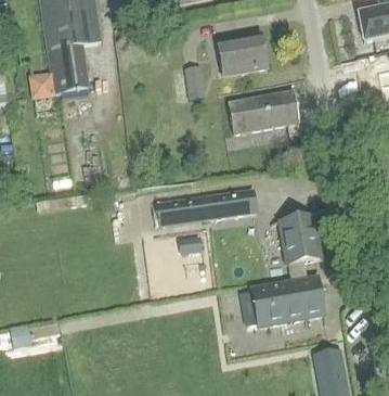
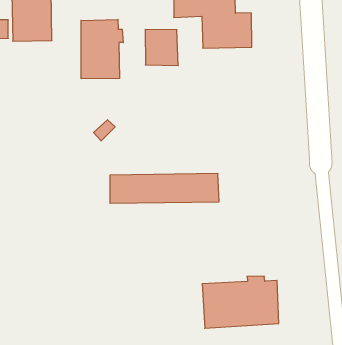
building: none -> [81,19,123,79]
building: [228,89,300,133] -> none
building: [278,214,321,276] -> none

